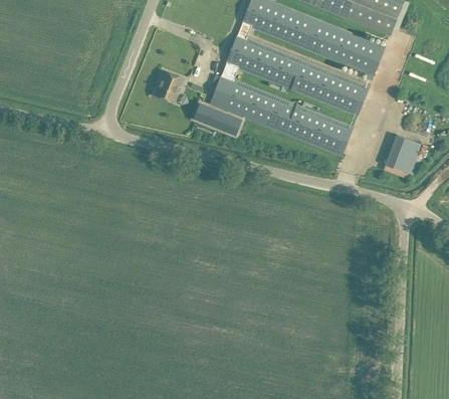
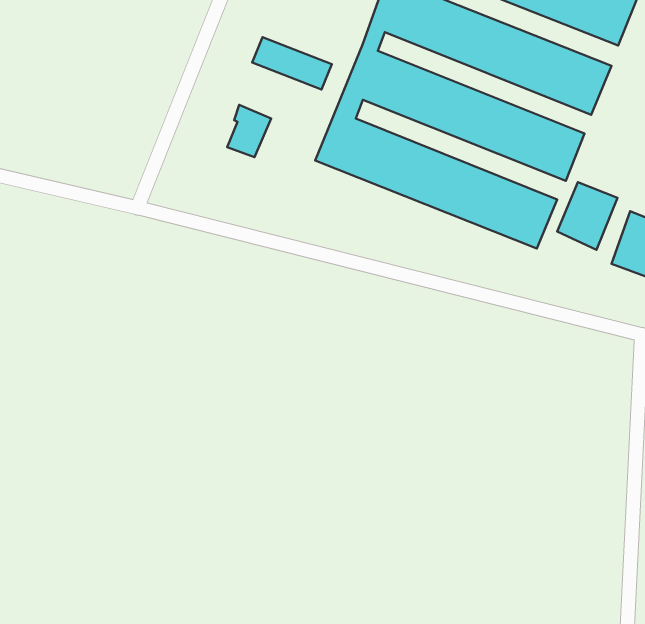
building: [195,104,242,135] -> [252,37,332,90]
building: none -> [557,182,617,250]

